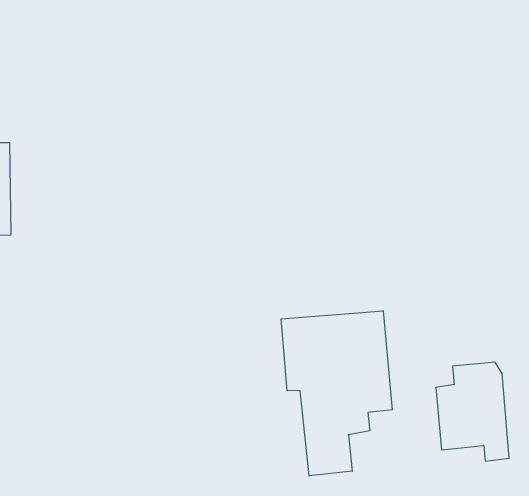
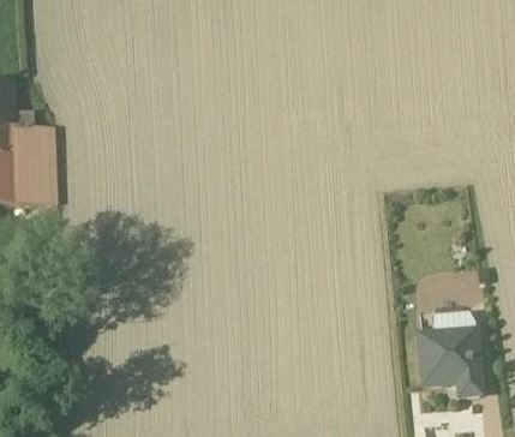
building: [281,311,392,476] -> none

